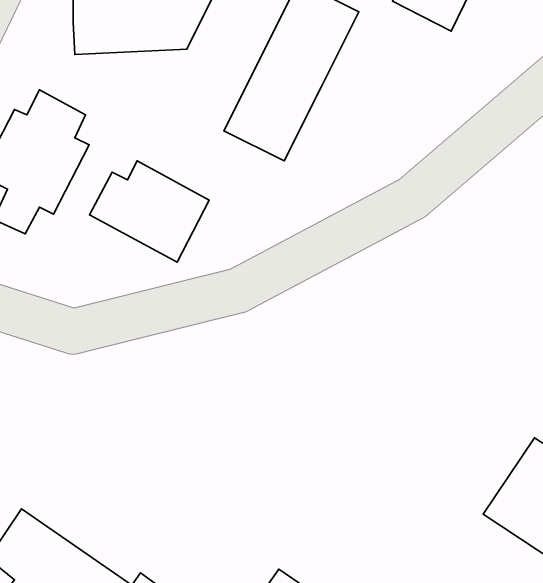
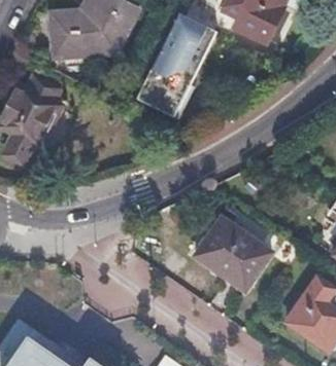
building: [89,161,209,262] -> none
building: none -> [196,220,269,290]

